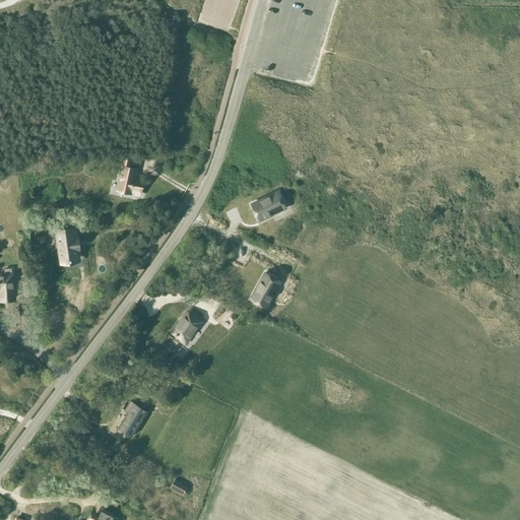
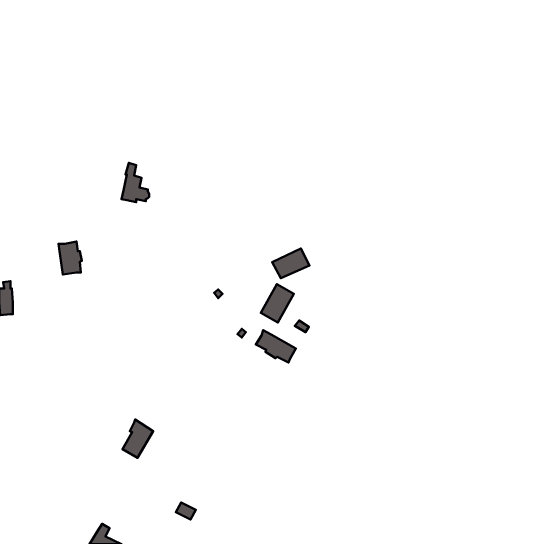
building: [250,192,285,220] -> [272,248,309,278]
building: [172,313,199,342] -> none
building: none -> [256,330,296,363]

